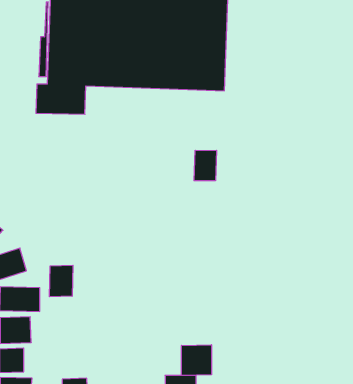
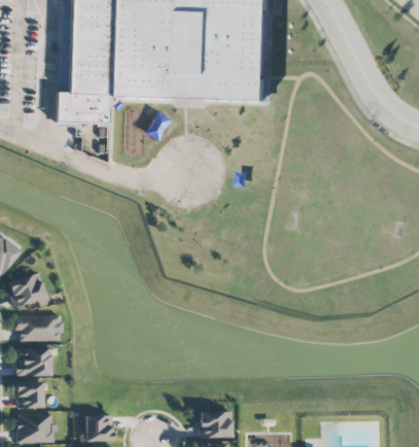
building: [194,150,217,181] -> none
building: [49,265,73,297] -> none
building: [182,345,211,375] -> none

